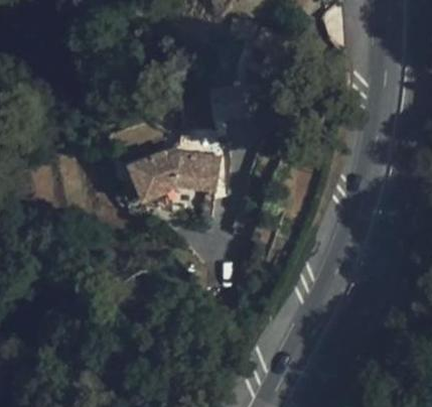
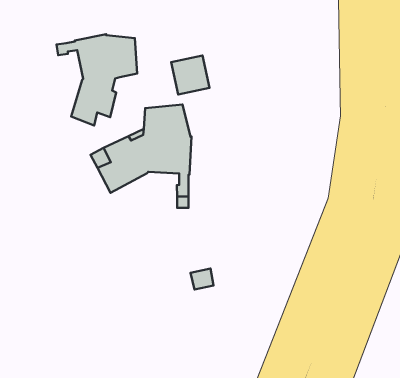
building: none -> [57,34,137,125]

